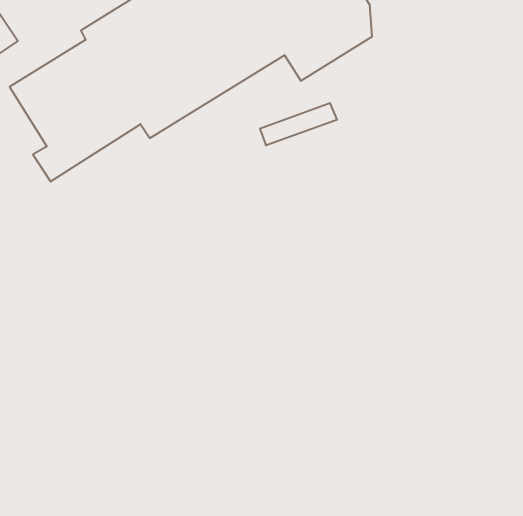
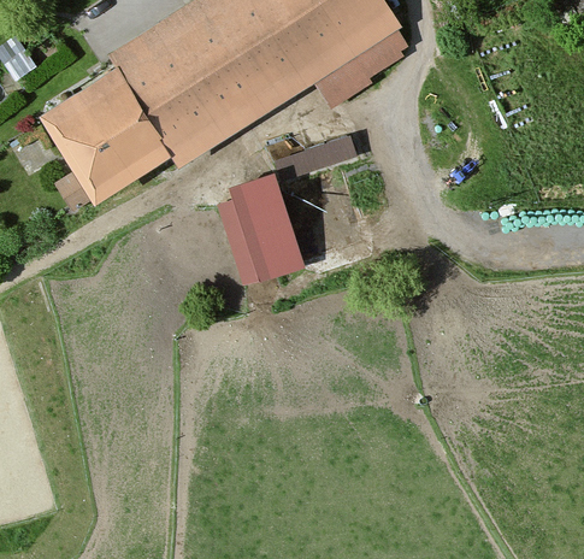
building: none -> [231,172,314,281]

